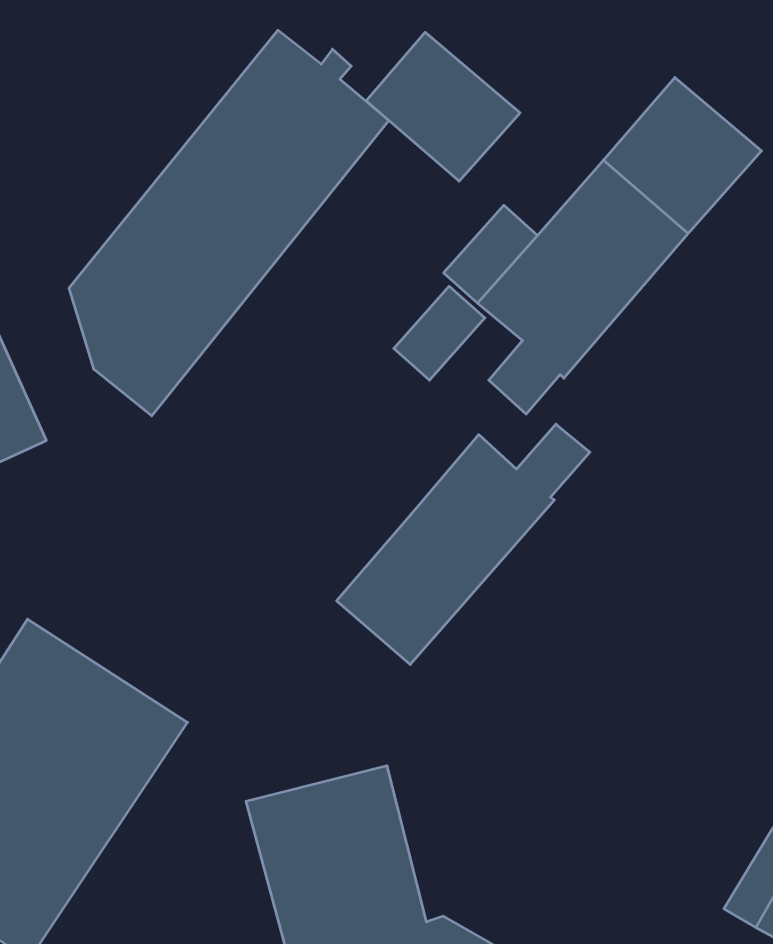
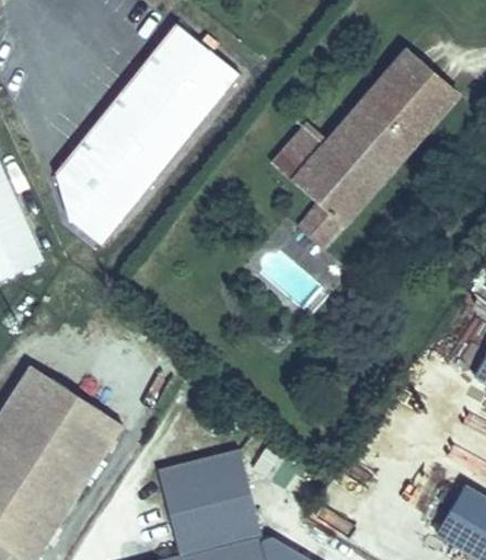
building: [366,32,520,181] -> none
building: [394,286,485,380] -> none
building: [337,424,590,665] -> none

